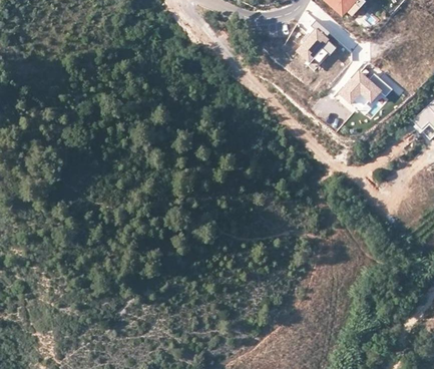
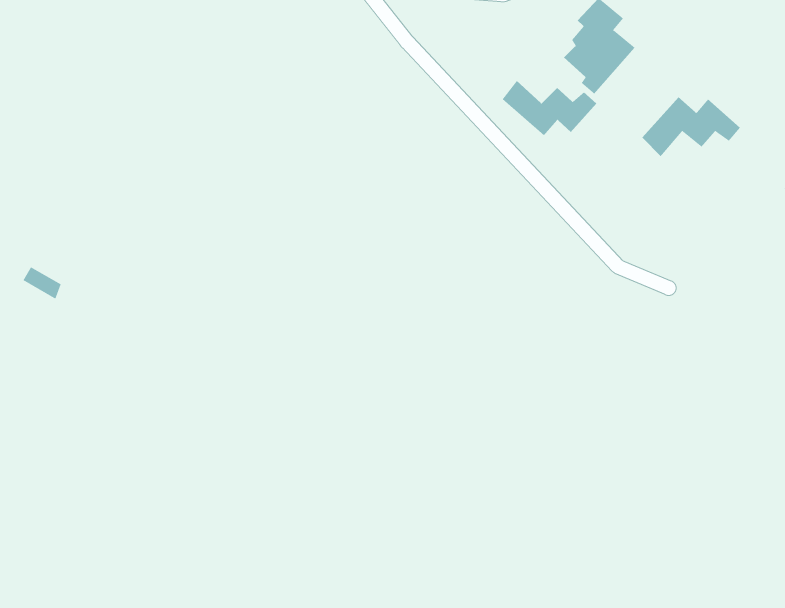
building: none -> [502,80,597,136]

